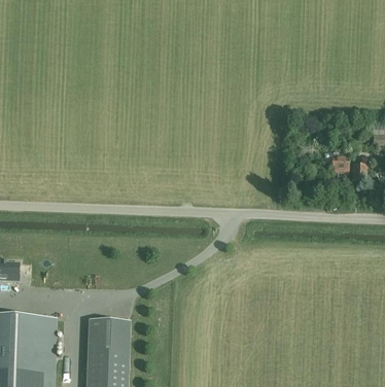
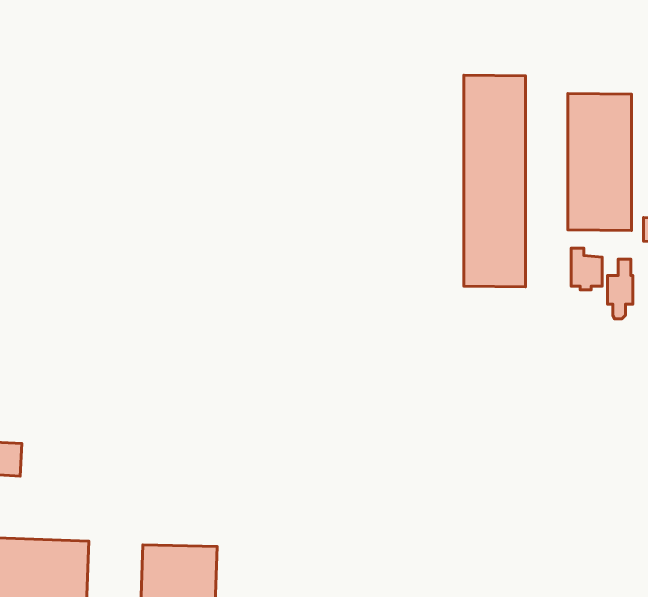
building: none -> [464,75,526,287]
building: none -> [568,94,632,231]

